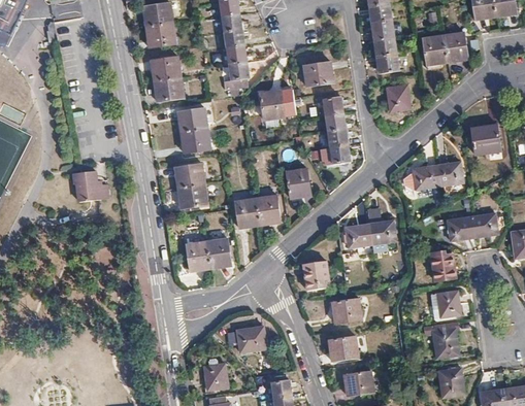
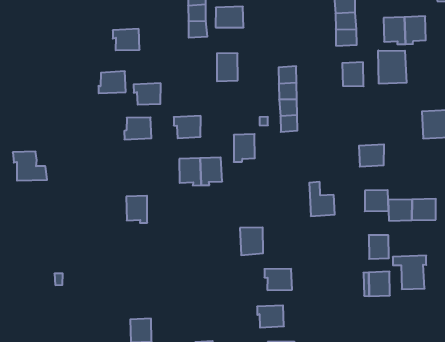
building: [153,56,179,80] -> none
building: [303,61,333,84] -> [216,7,244,27]
building: none -> [378,50,407,84]
building: [179,107,207,132] -> [98,71,126,93]
building: [436,161,462,184] -> [365,190,389,211]
building: [71,169,108,200] -> [13,152,47,181]
building: [177,183,206,208] -> [174,116,201,138]
building: [344,223,371,246] -> none
building: [206,238,230,268] -> none
building: [423,320,458,357] -> [393,256,426,289]
building: [236,325,265,350] -> none

